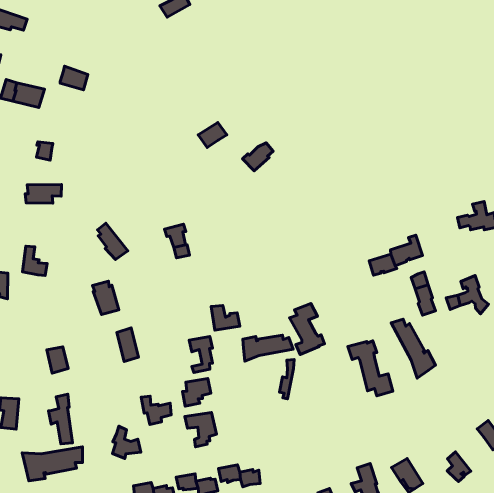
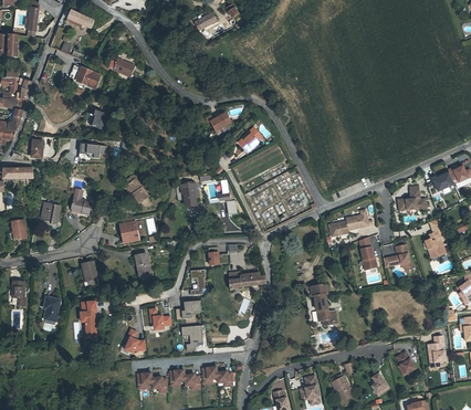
building: [290,304,325,354] -> none
building: [391,319,435,378] -> none
building: [22,447,83,481] -> none

